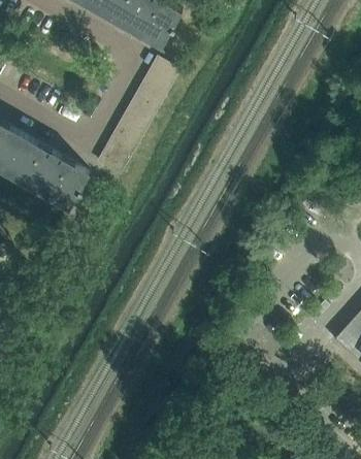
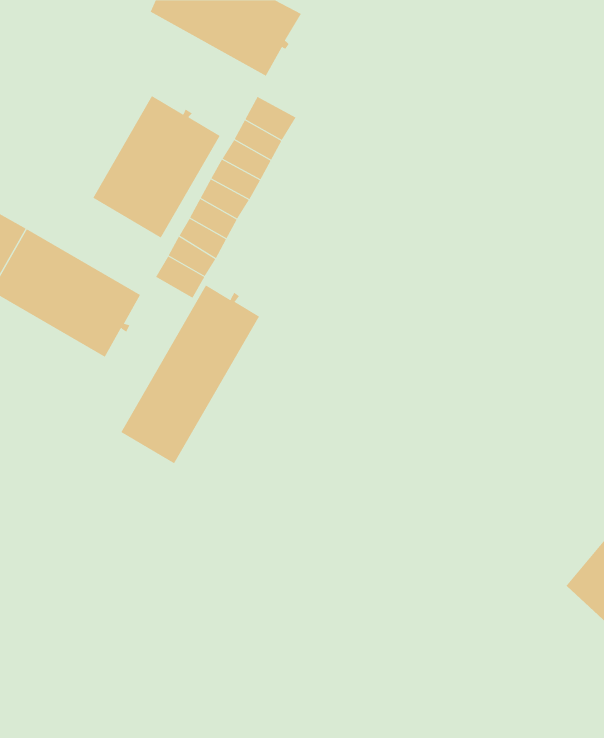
building: none -> [92,95,220,238]
building: none -> [120,285,260,464]

